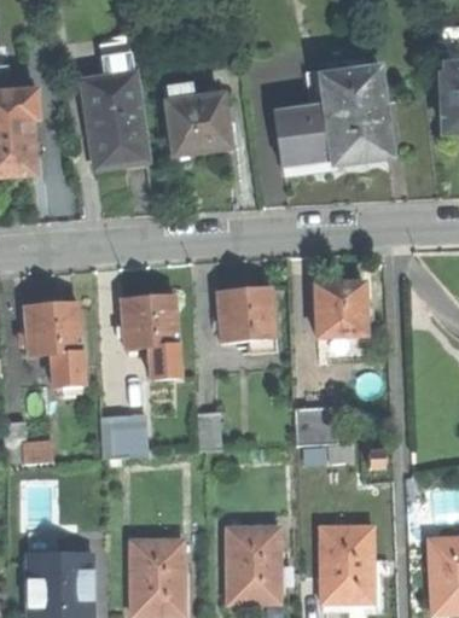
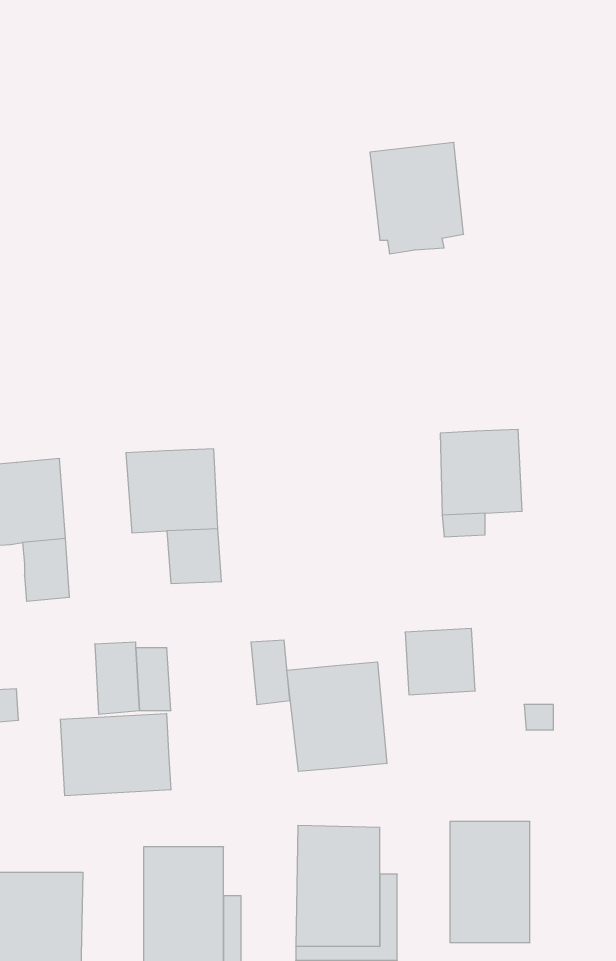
building: [81,62,144,170] -> none
building: [320,69,385,161] -> none
building: [162,86,225,157] -> none
building: [219,286,275,351] -> none
building: none -> [287,662,387,771]
building: none -> [60,713,171,796]

